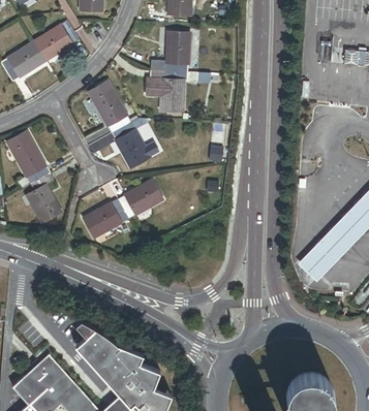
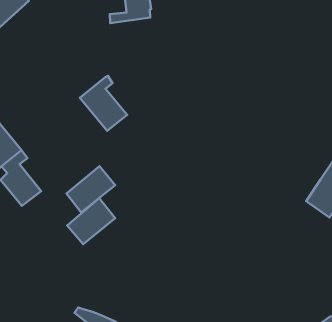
building: [148,71,188,112] -> none
building: [93,88,137,134] -> none
building: [119,180,163,219] -> [67,198,115,244]

